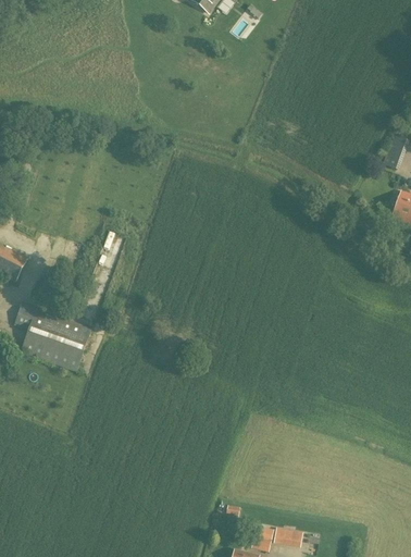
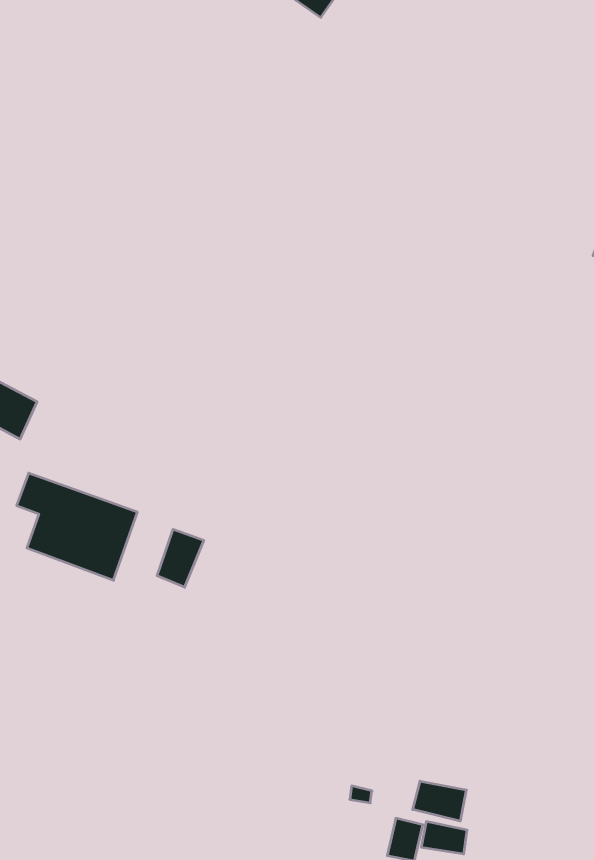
building: none -> [157,529,204,587]
building: none -> [413,781,466,821]

